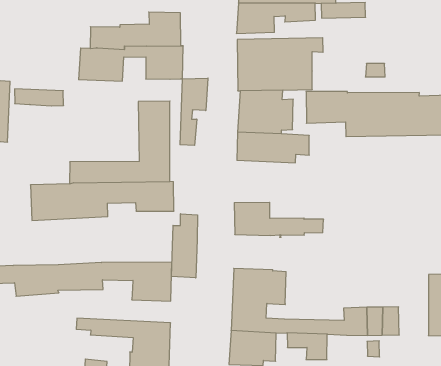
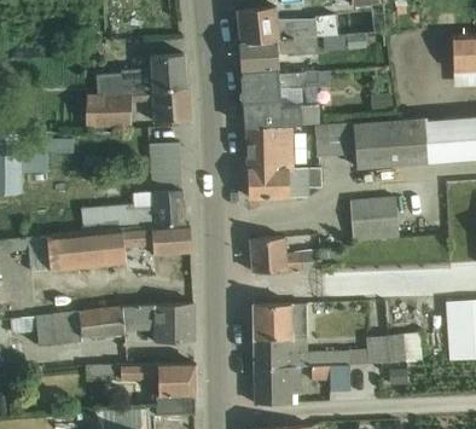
building: [180,78,208,145] -> none
building: none -> [349,198,399,242]
building: [172,214,197,278] -> none

